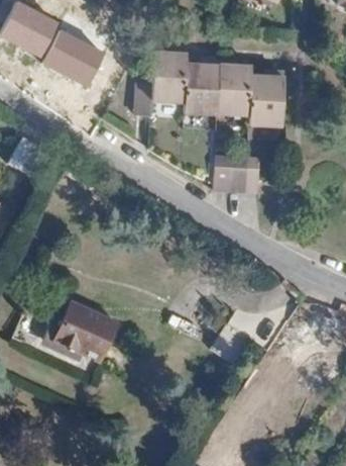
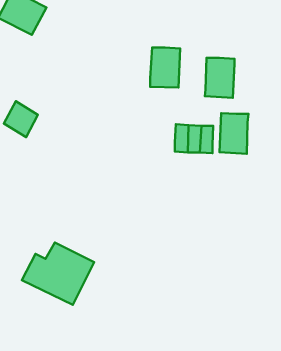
building: [44,26,106,83] -> none
building: [136,55,186,118] -> none
building: [216,69,250,117] -> [220,113,248,154]

